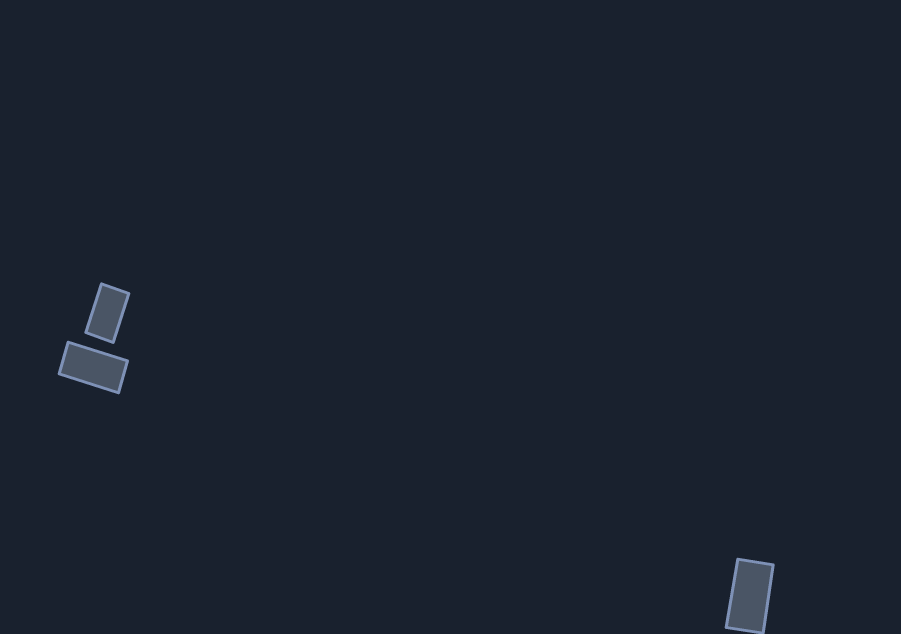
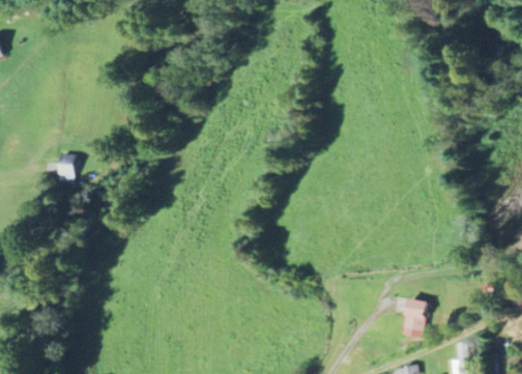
building: [59,342,127,393] -> none

